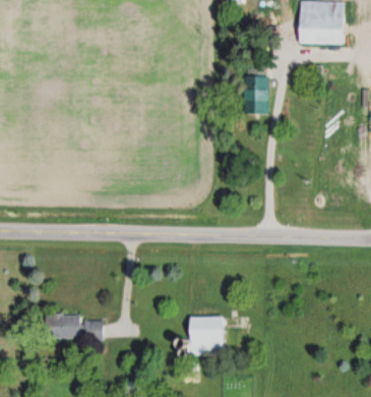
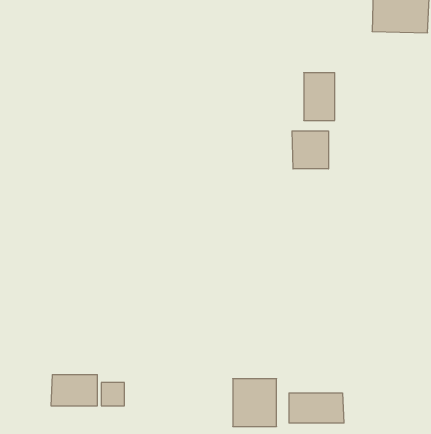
building: none -> [292,131,328,169]
building: none -> [289,393,344,423]

